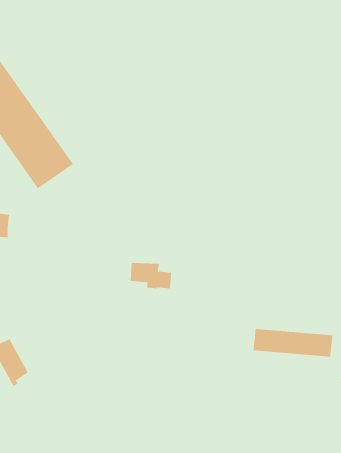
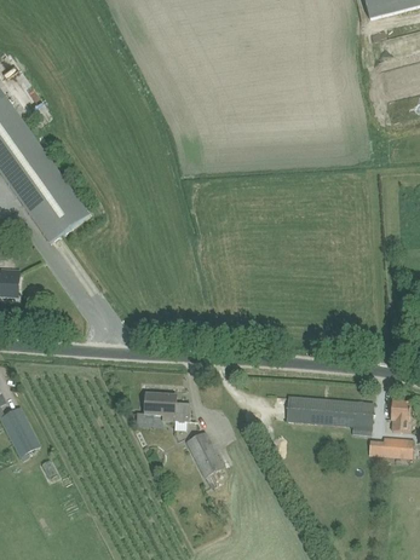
building: [130,262,172,289] -> [144,392,190,421]
building: none -> [186,431,223,477]

